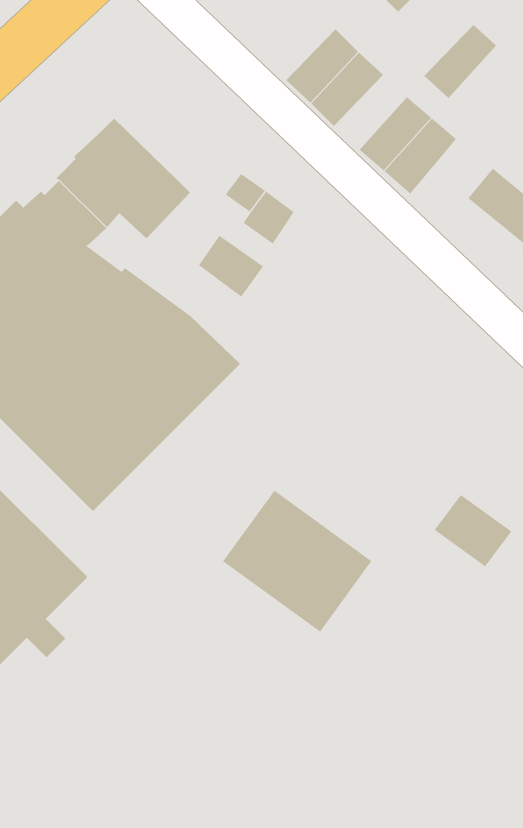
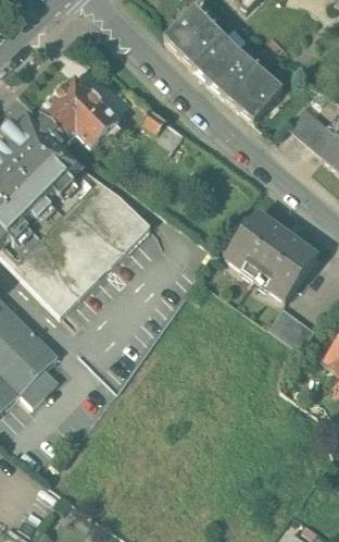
building: none -> [163,7,208,51]
building: [424,24,497,99] -> [206,48,251,94]
building: [198,235,264,298] -> none
building: [222,490,372,633] -> [225,212,316,299]

